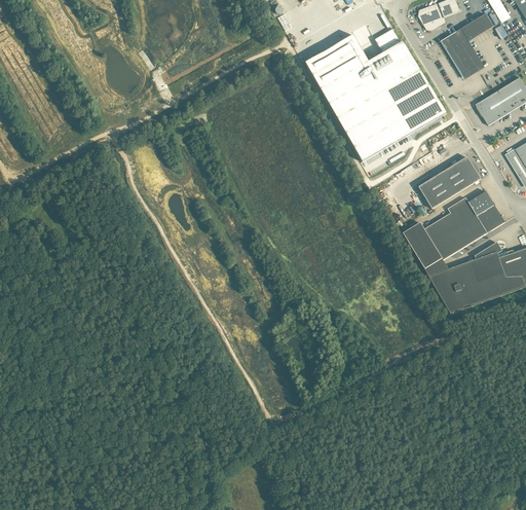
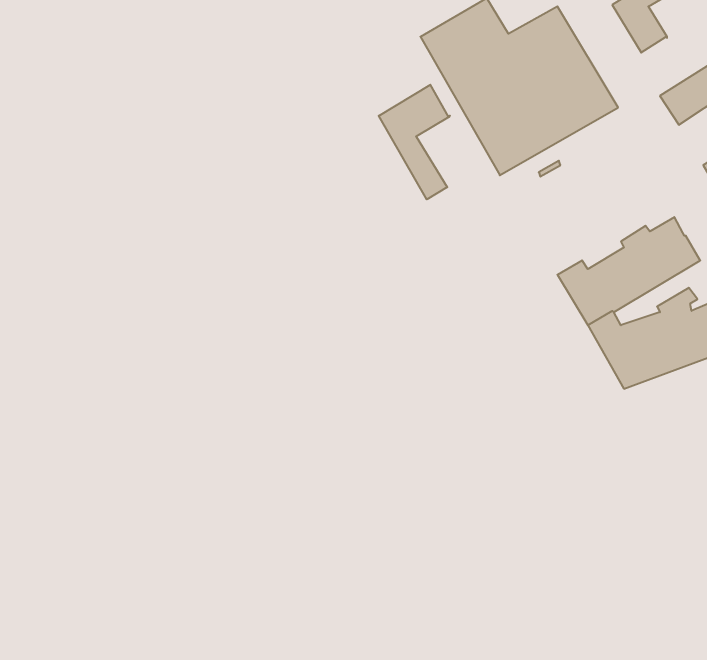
building: none -> [379,85,450,199]
building: [418,155,481,208] -> none

